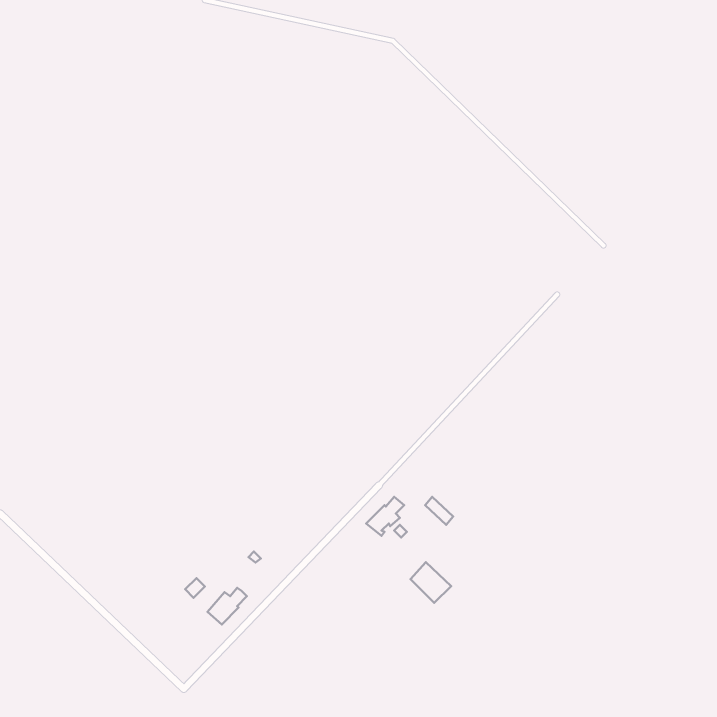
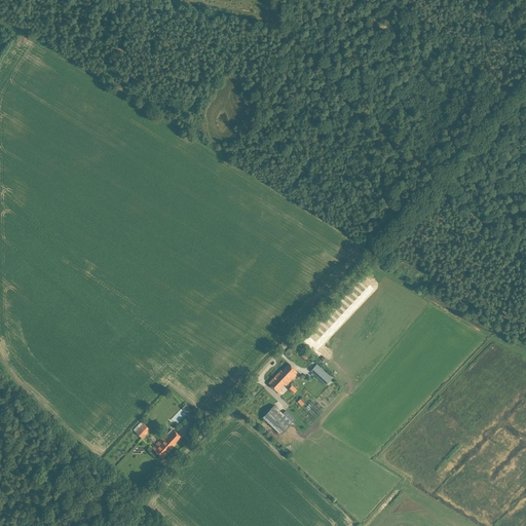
building: [410,562,451,603] -> [263,405,293,435]

